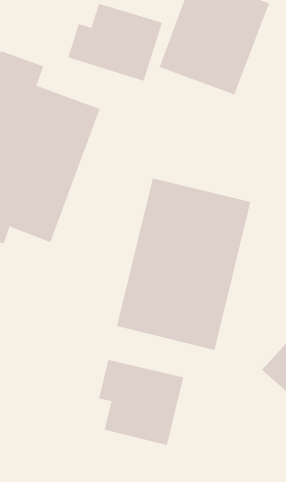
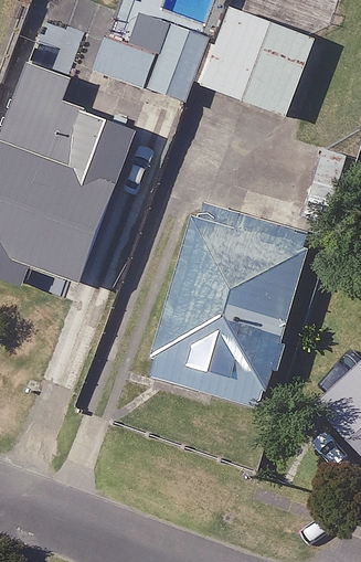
building: [99,359,184,446] -> none

